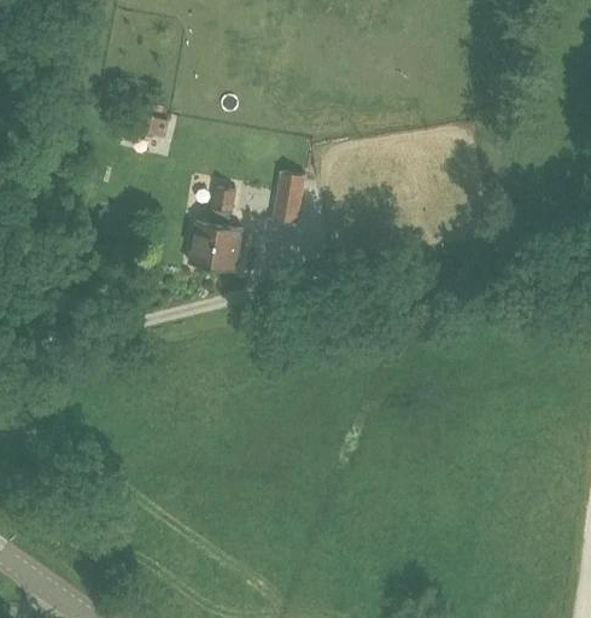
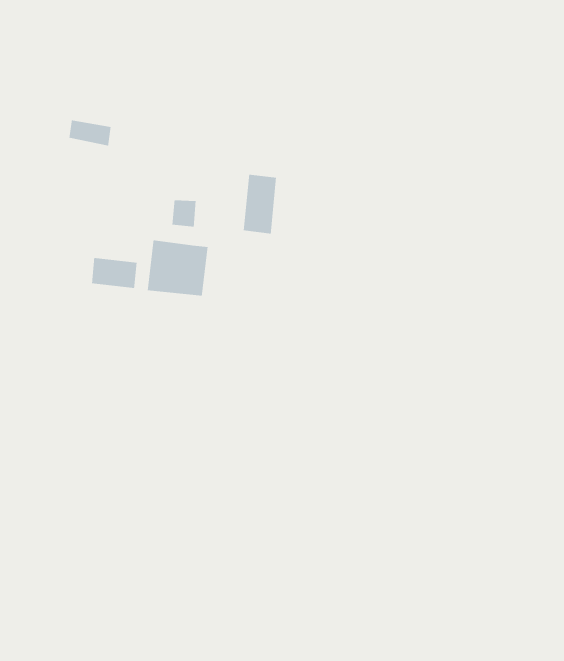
building: none -> [91,257,137,289]

